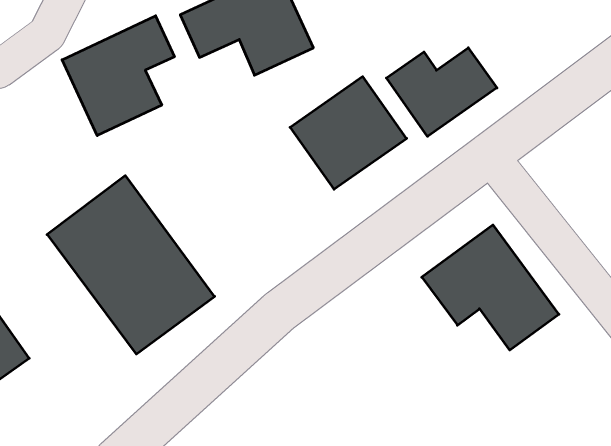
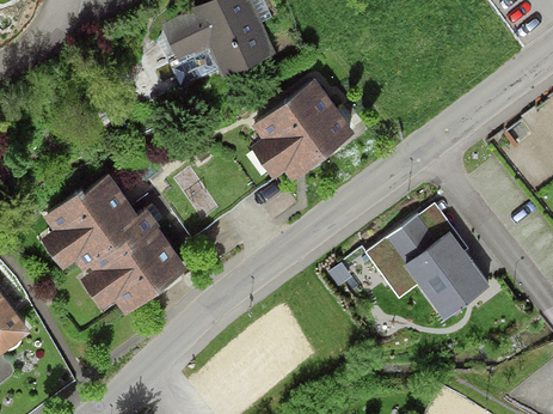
building: [62,16,174,136] -> none
building: [386,48,497,136] -> none

